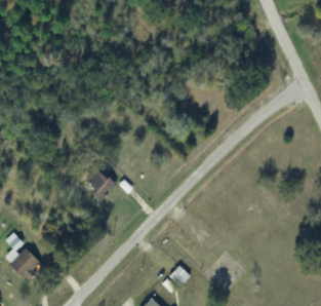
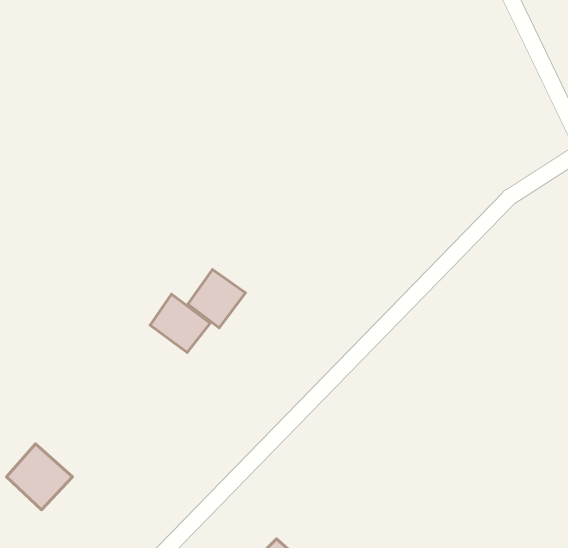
building: none -> [188,270,245,328]

